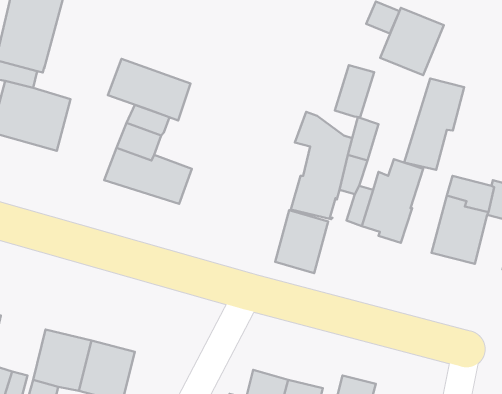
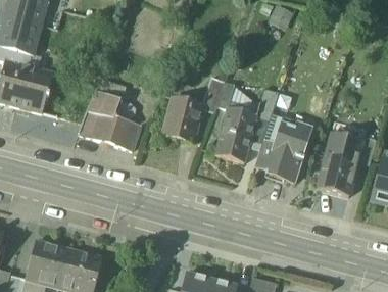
building: [380,8,444,75] -> none
building: [108,59,191,120] -> none
building: [335,65,374,117] -> none
building: [404,78,464,170] -> none
building: [275,210,328,273] -> [164,95,203,141]

